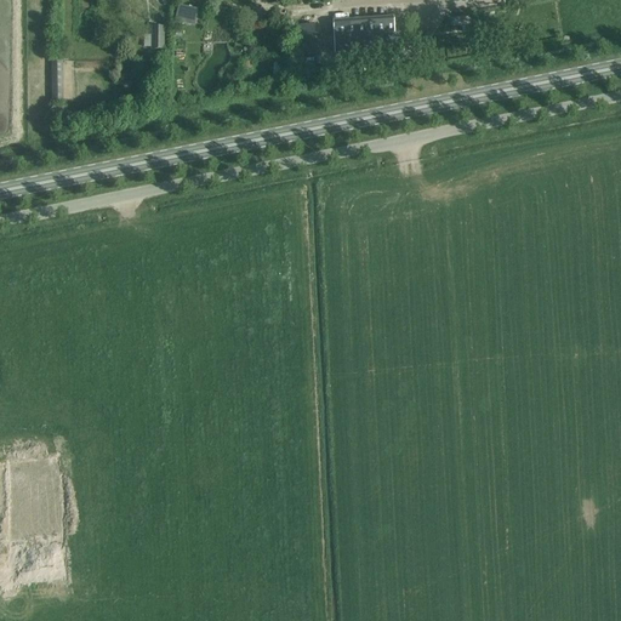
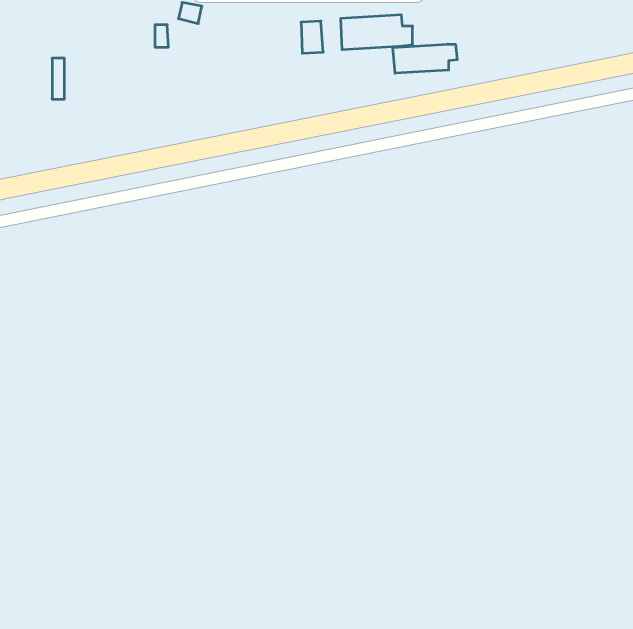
building: none -> [393,44,457,73]

